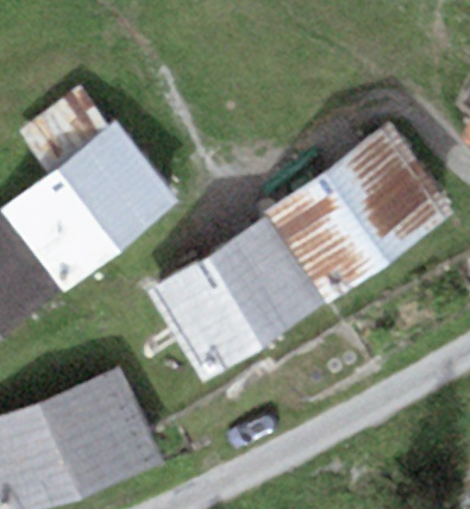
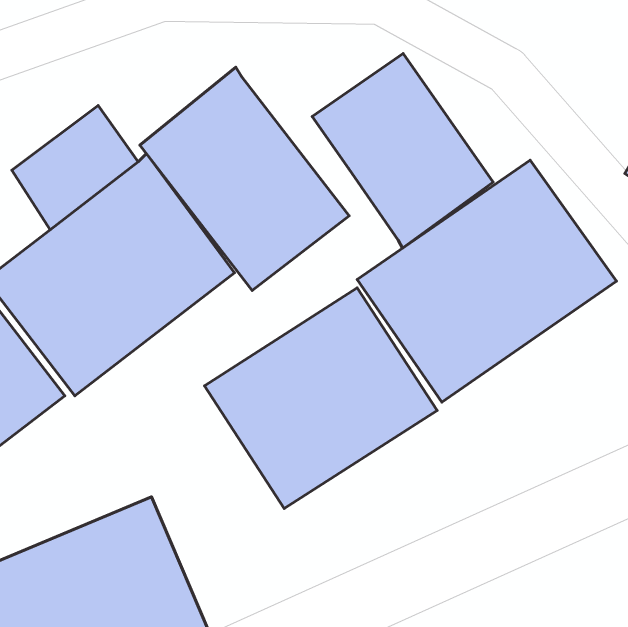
building: none -> [312,53,493,248]
building: none -> [140,67,349,291]

